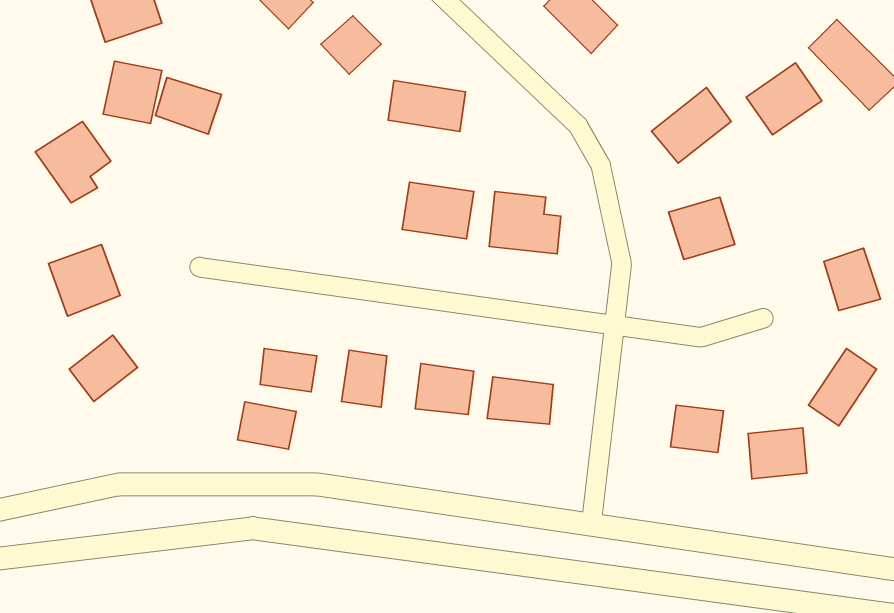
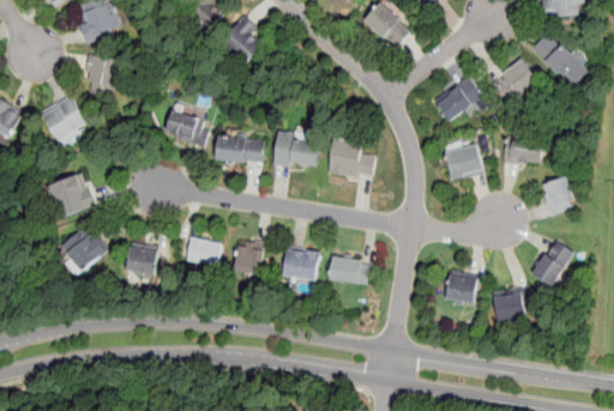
building: [155,78,222,134] -> [164,109,206,145]
building: [388,81,466,132] -> [216,132,265,164]
building: none -> [502,133,543,164]
building: [237,402,296,449] -> [122,246,159,276]

